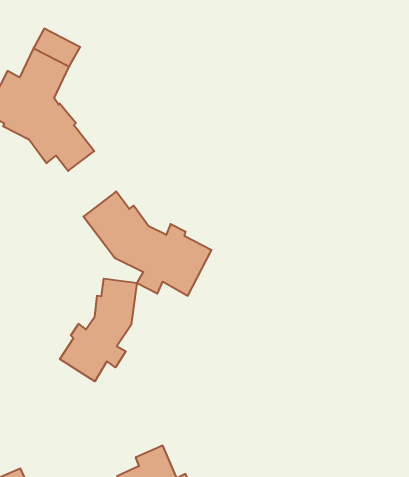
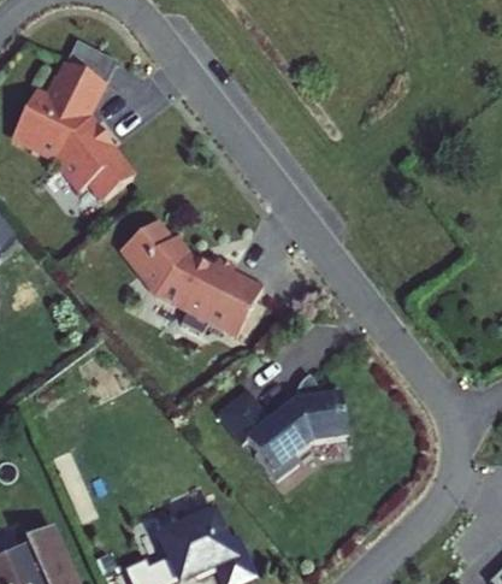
building: [60,279,137,381] -> none
building: none -> [218,377,346,477]

